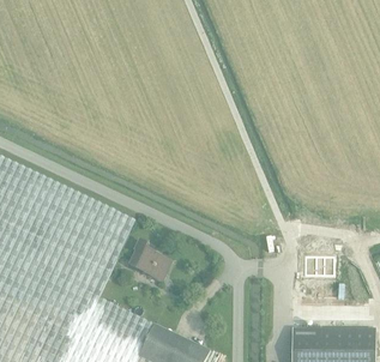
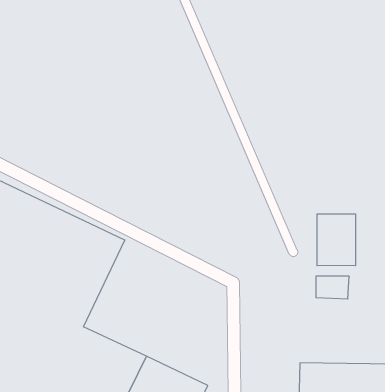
building: none -> [317,214,355,266]
building: [128,242,170,282] -> none

